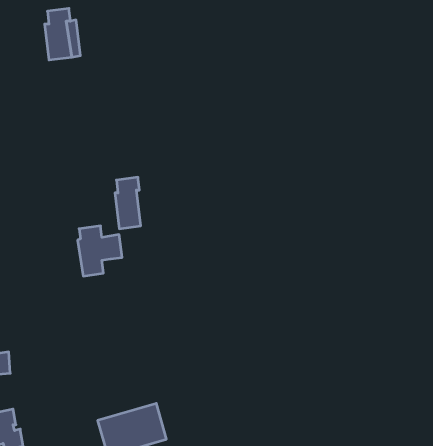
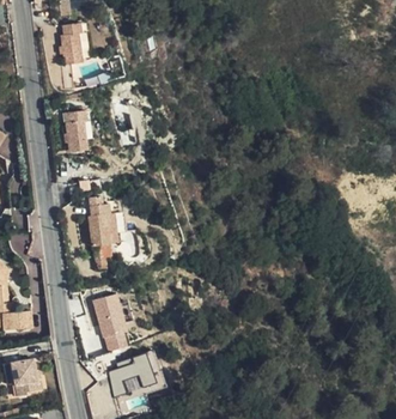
building: [115,177,141,229] -> [65,110,86,153]
building: none -> [90,293,130,352]

